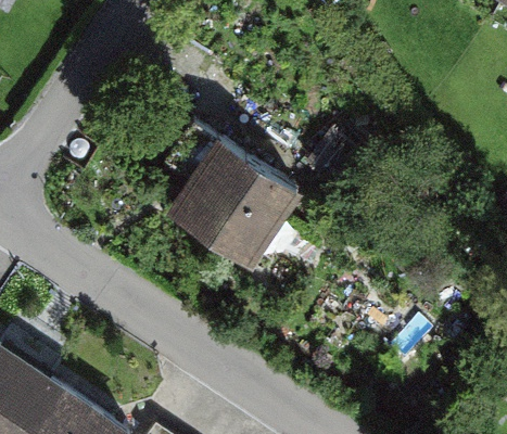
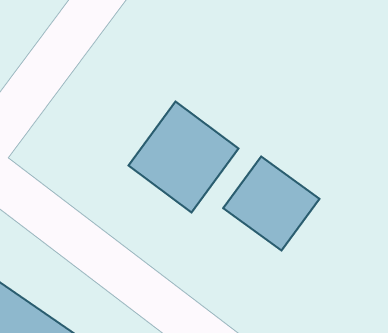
building: none -> [223,157,319,251]

